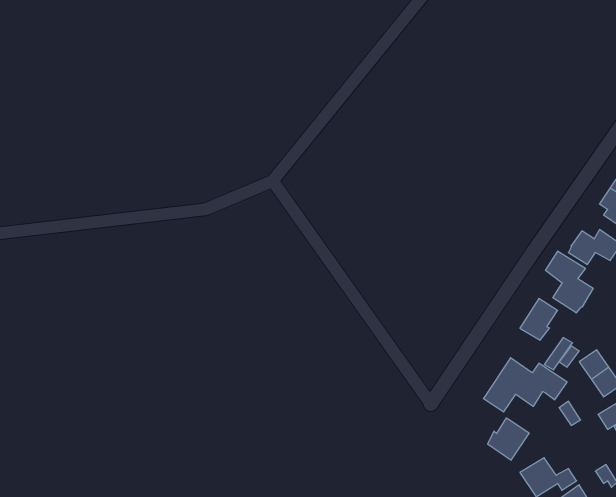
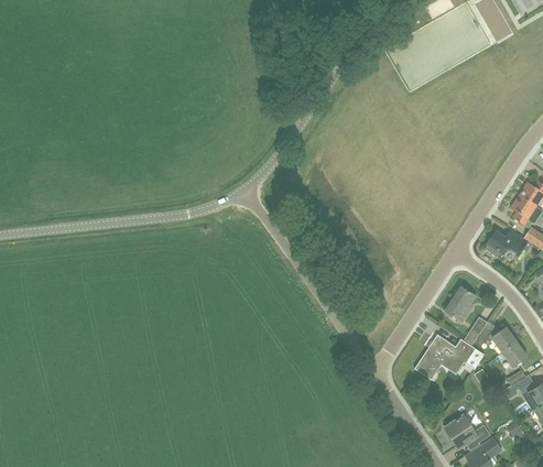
building: [546,251,593,313] -> none
building: [488,418,529,460] -> none

